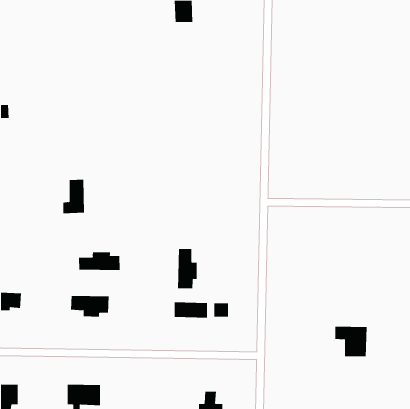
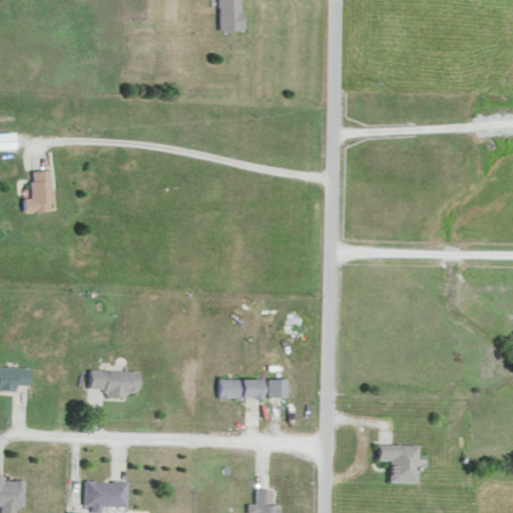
building: [62,179,85,214] -> [23,170,51,213]
building: [177,248,197,289] -> none
building: [78,252,120,271] -> none
building: [334,326,367,357] -> [377,445,418,483]

